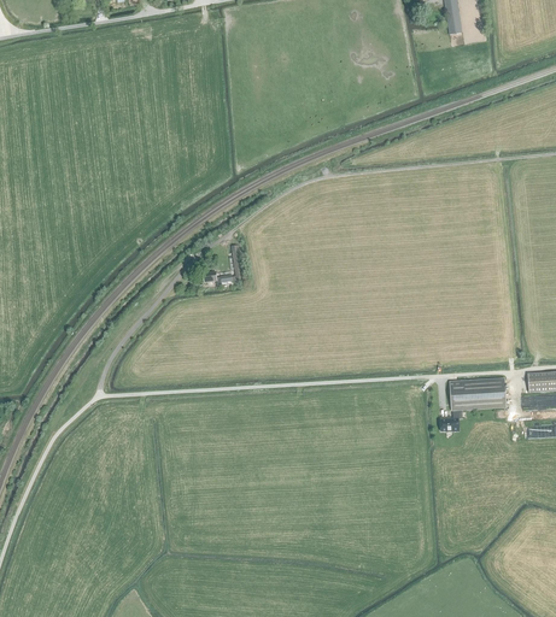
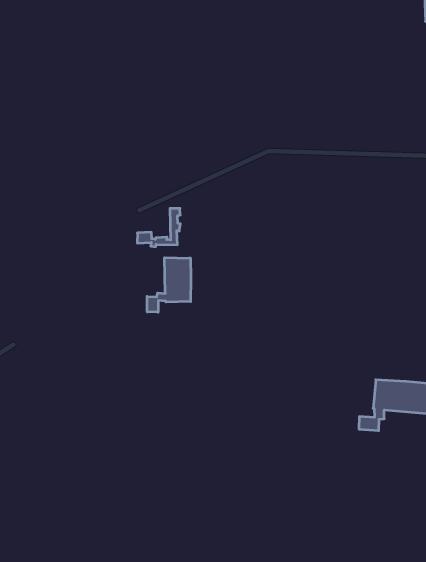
building: none -> [147,258,191,312]

